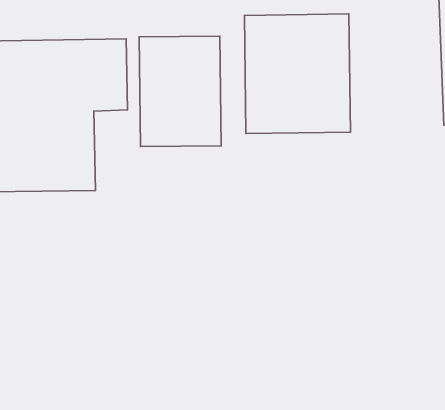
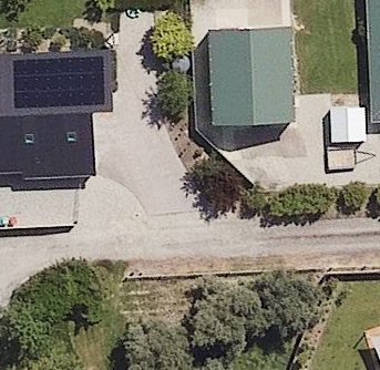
building: [139,36,221,147] -> none

